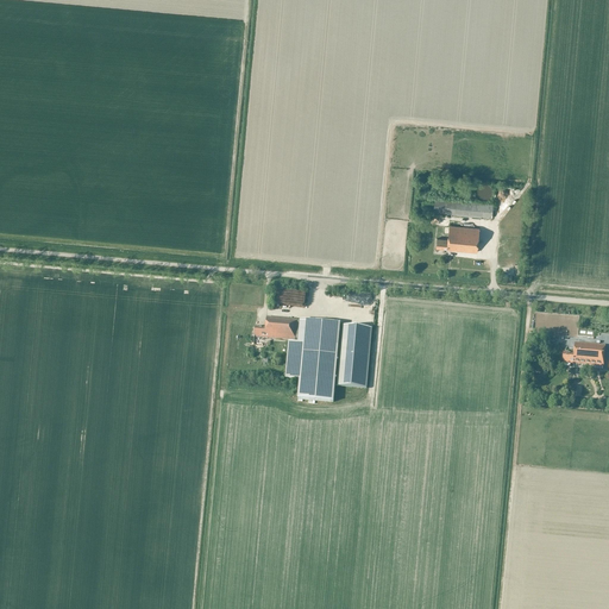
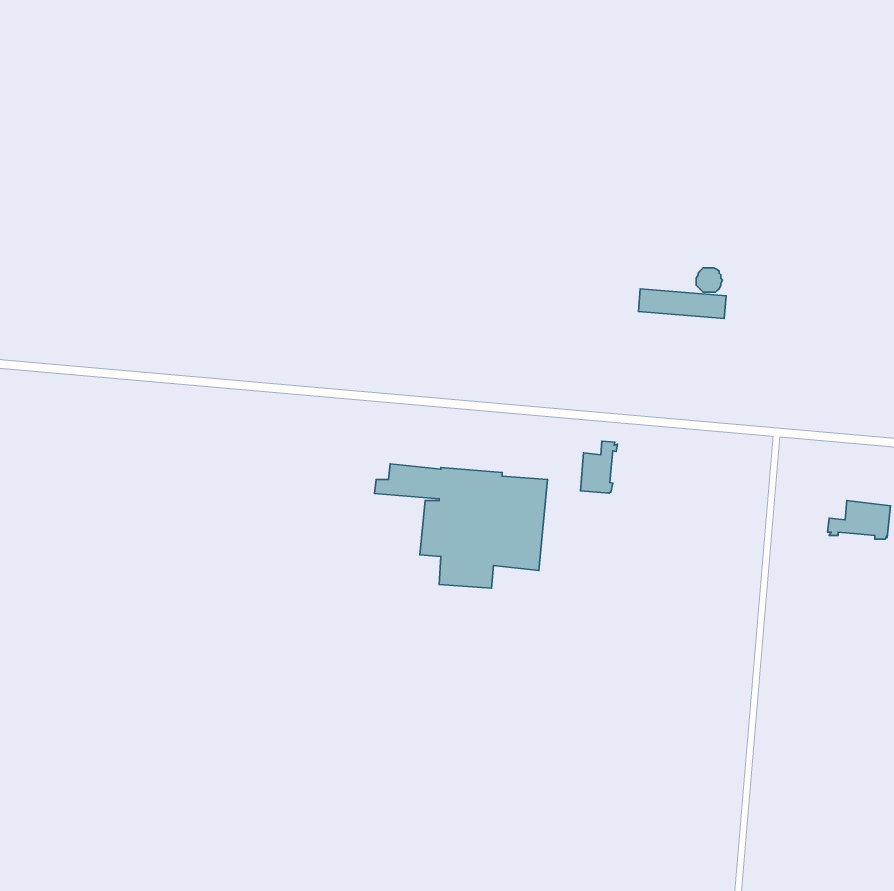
building: [435,224,479,250] -> none
building: none -> [580,441,618,493]

